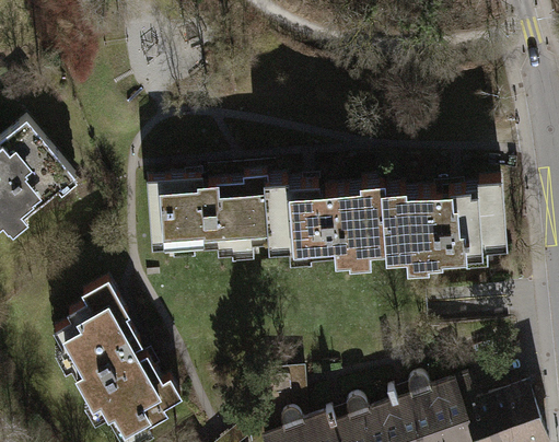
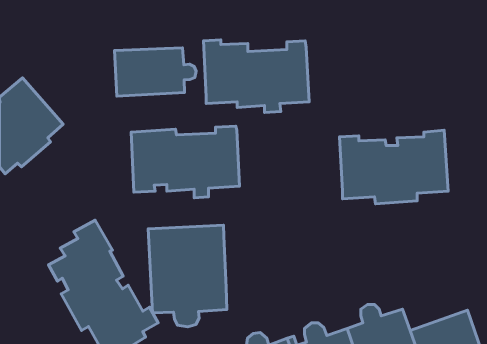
building: none -> [115,48,196,96]
building: [268,182,387,264] -> [203,40,309,112]
building: none -> [148,225,227,327]

